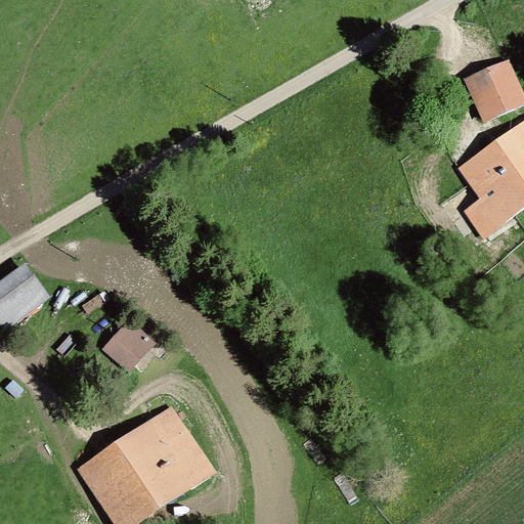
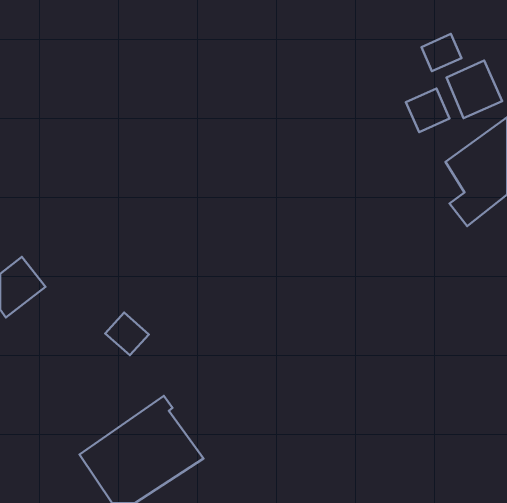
building: none -> [421,34,461,71]
building: none -> [406,88,449,132]

